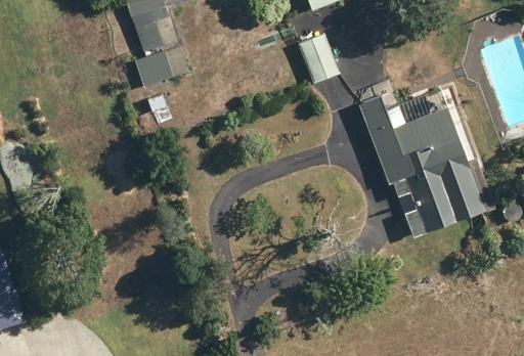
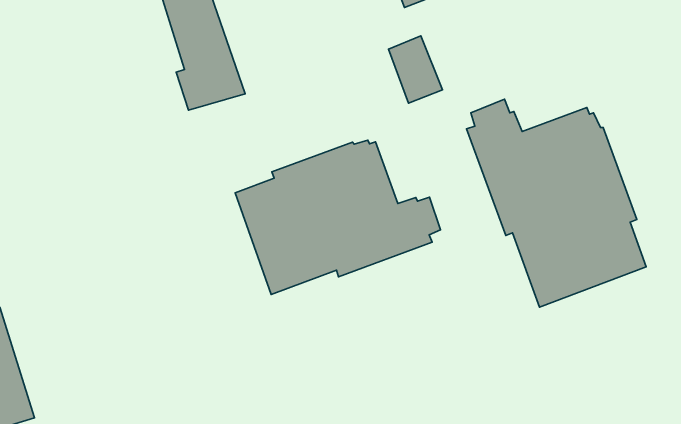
building: none -> [235,140,441,294]

